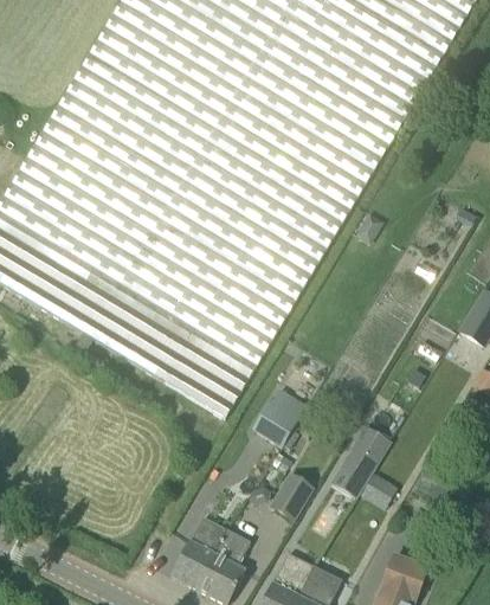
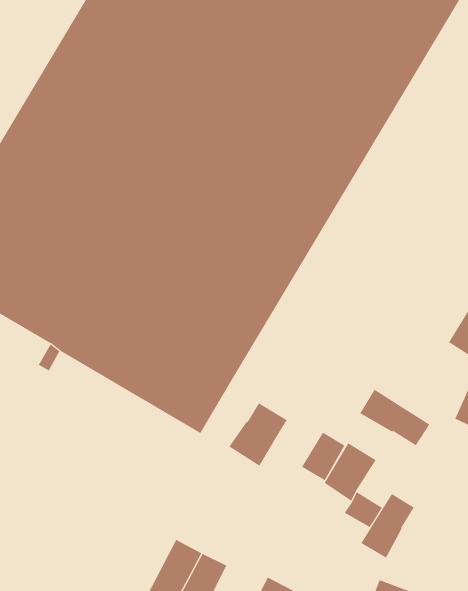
building: none -> [359,389,430,446]
building: none -> [361,493,415,558]
building: [270,474,311,520] -> [301,432,345,481]

